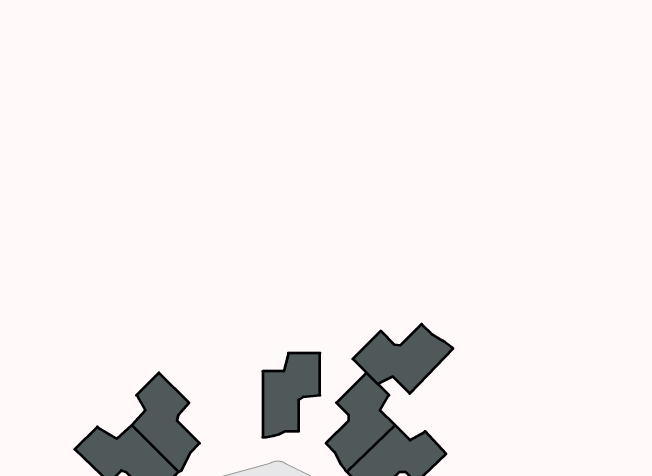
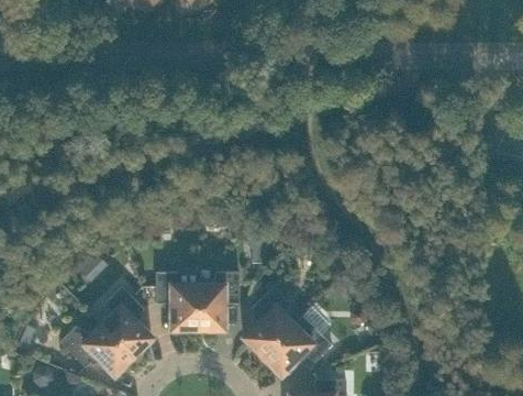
building: [353,324,453,394] -> none
building: none -> [156,271,198,332]

